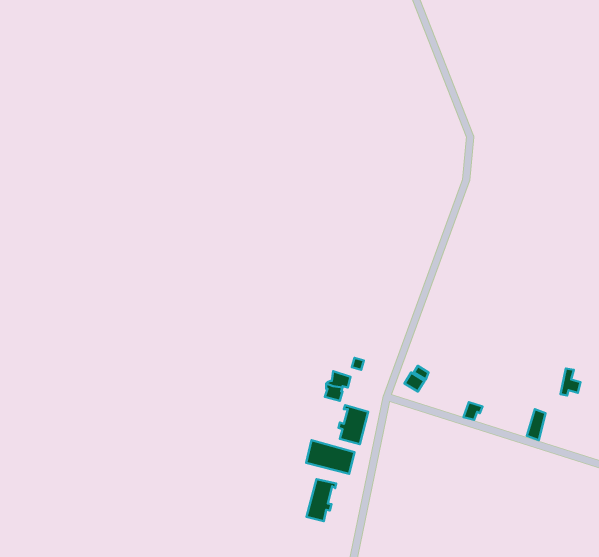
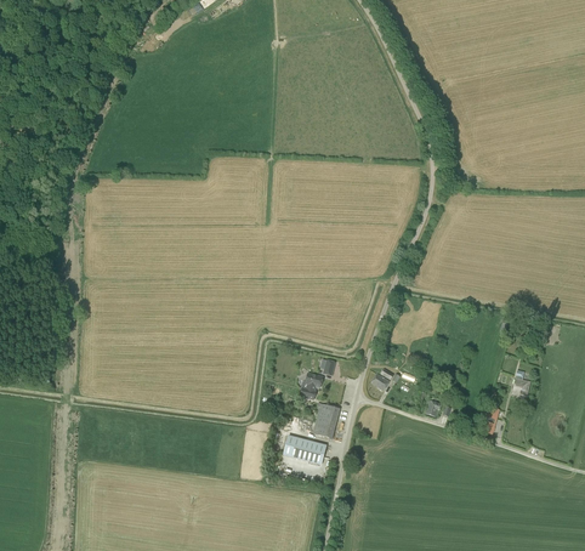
building: [307,479,336,521] -> none

